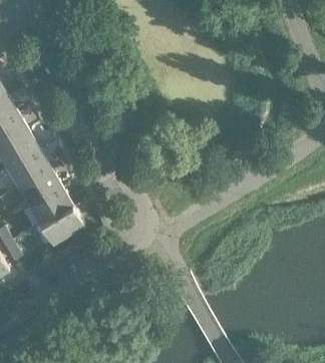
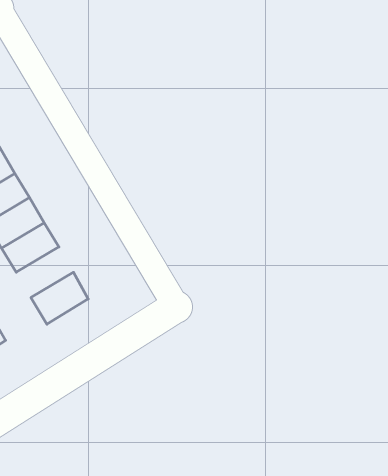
building: [29,187,72,225] -> none

